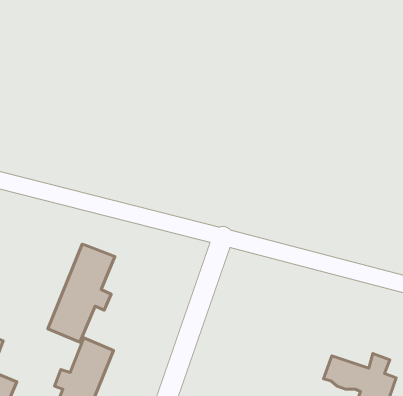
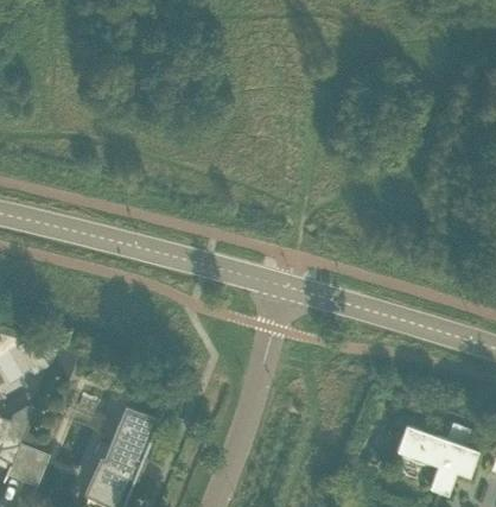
building: [48,244,115,342] -> none

